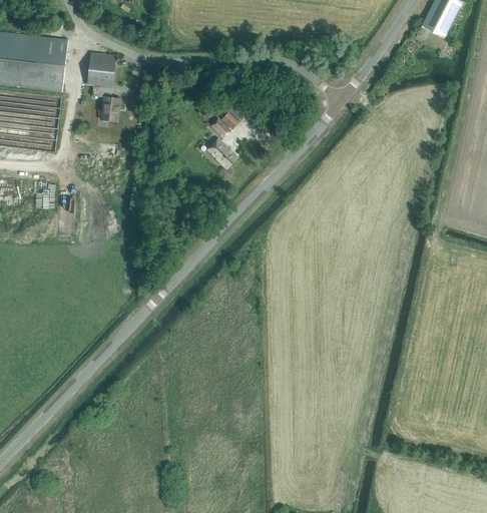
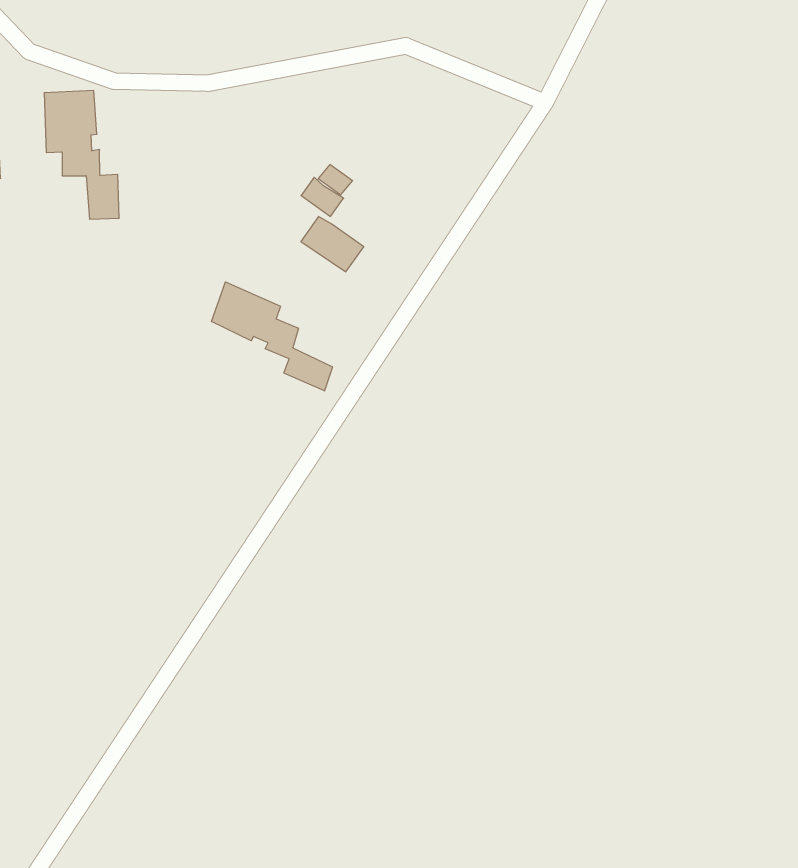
building: none -> [212,282,332,391]

